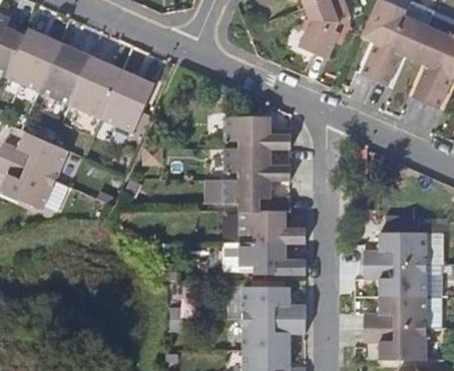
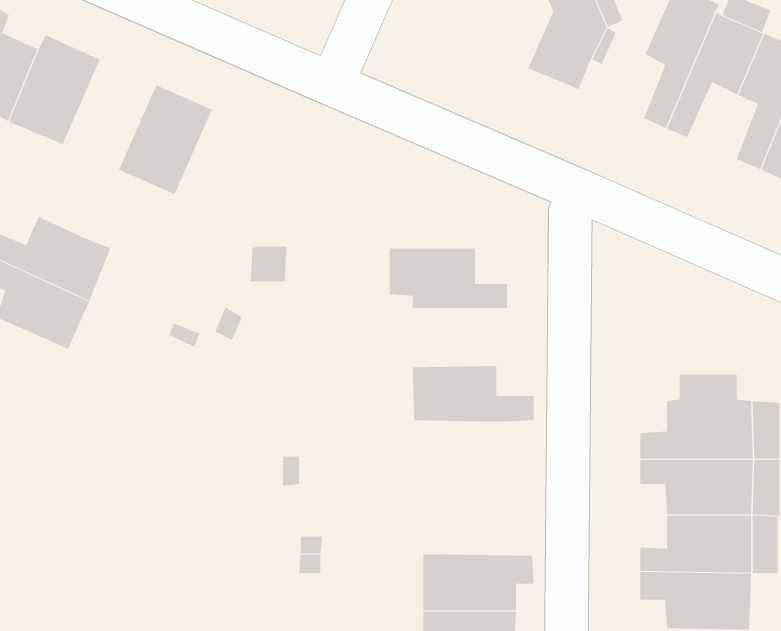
building: [38,40,90,102] -> none
building: [101,68,153,134] -> none
building: [221,115,289,146] -> none
building: [221,180,289,214] -> none
building: [219,244,304,275] -> none
building: [241,288,303,320] -> none

